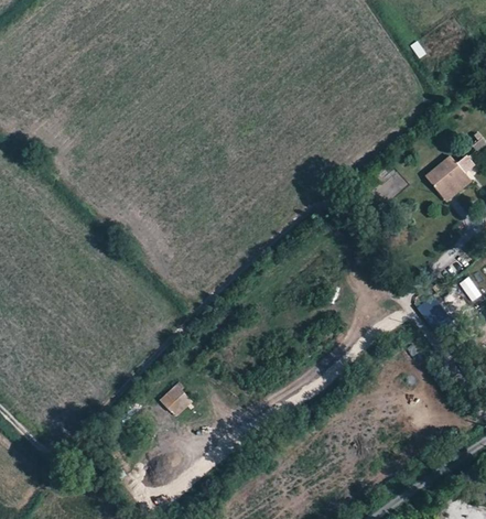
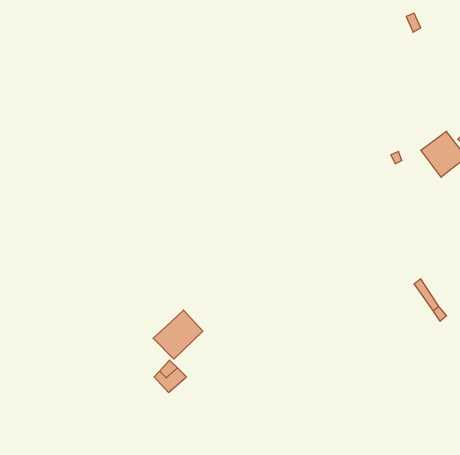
building: none -> [153,310,203,359]

